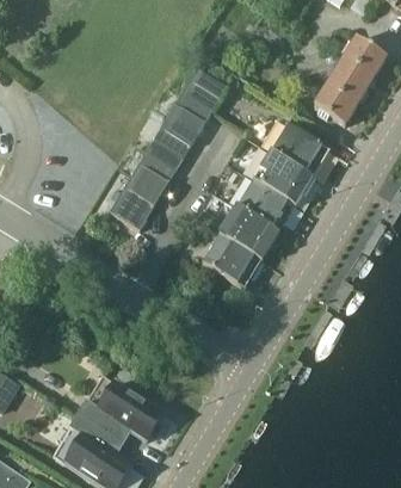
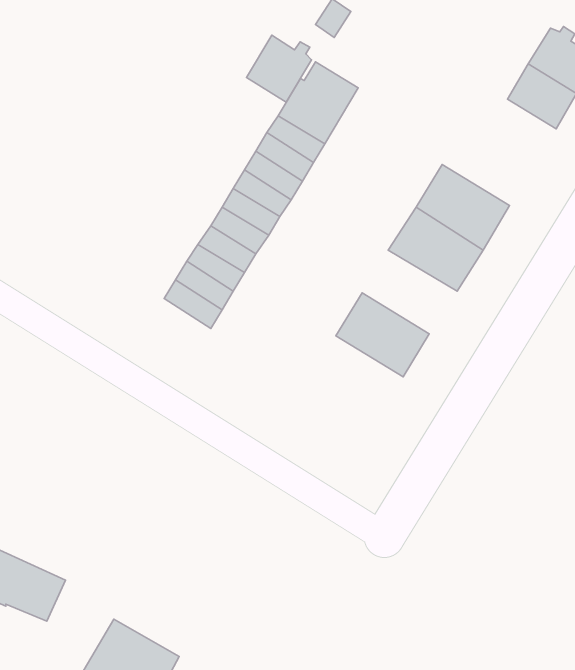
building: none -> [246,35,312,102]
building: [314,82,359,124] -> none
building: [235,179,296,233] -> none
building: [202,234,261,289] -> none
building: [76,375,162,440] -> none

